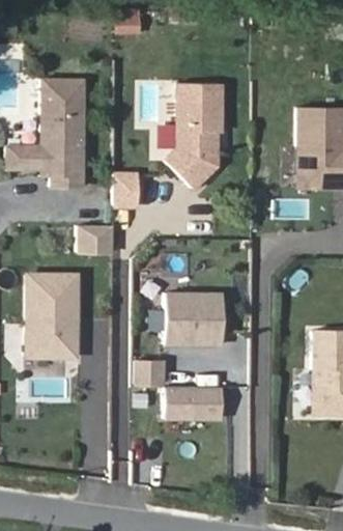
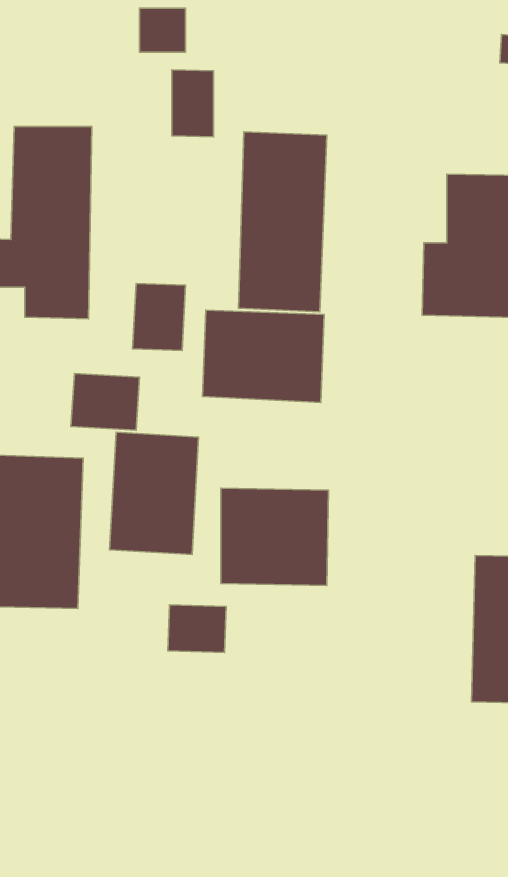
building: none -> [172,70,214,137]
building: none -> [202,310,324,403]
building: none -> [110,432,199,555]
building: [163,386,224,422] -> none

